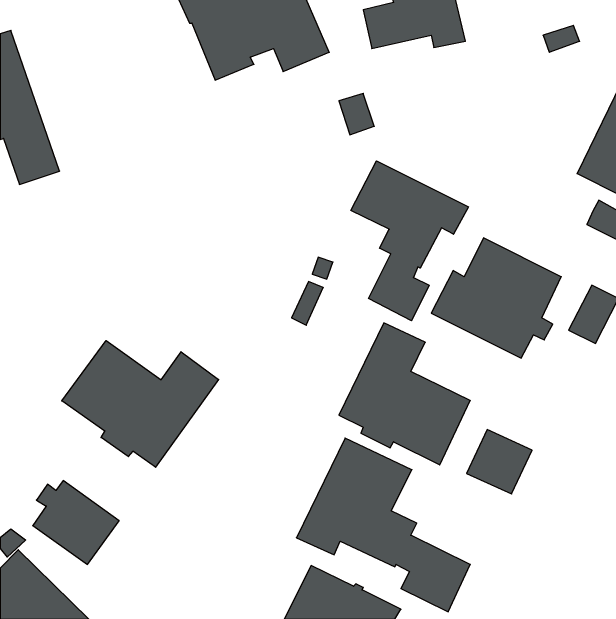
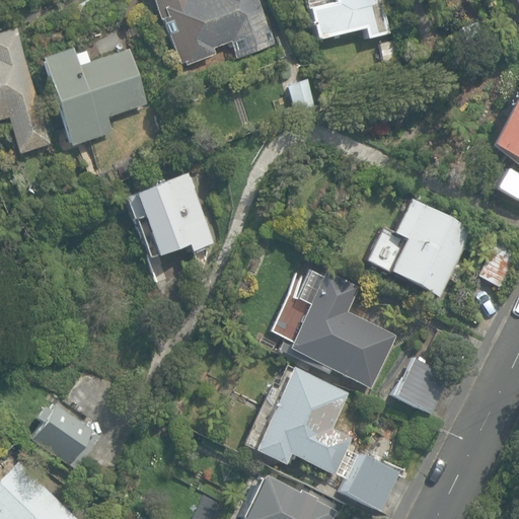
building: none -> [42,47,149,146]
building: [351,161,468,321] -> none
building: none -> [123,172,213,257]
building: [62,341,219,467] -> none

